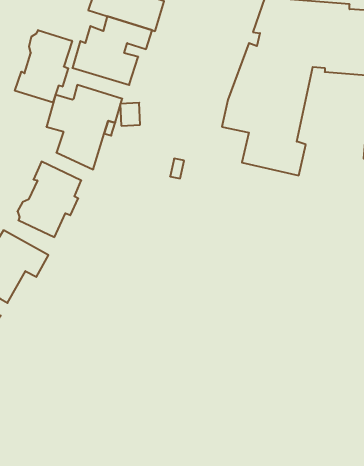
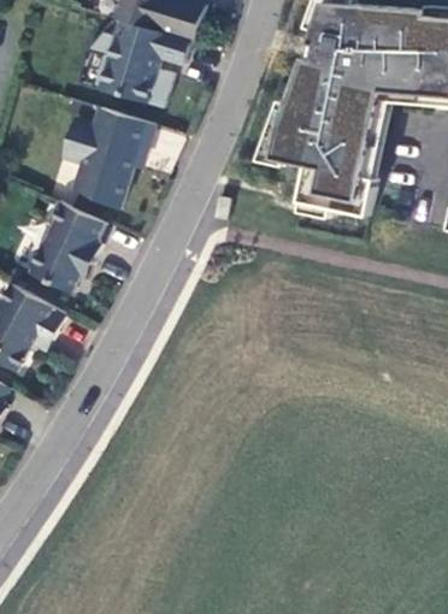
building: [15,30,72,102] -> none

